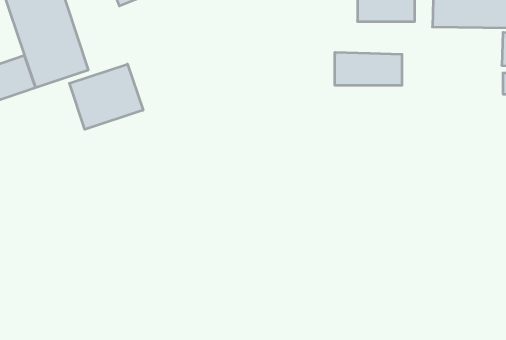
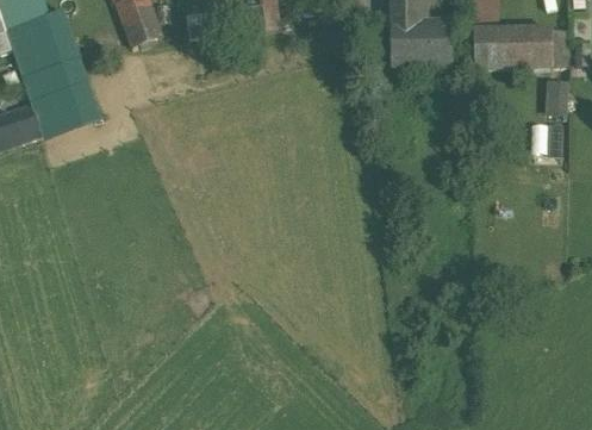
building: [335,52,402,85] -> none
building: [69,64,143,129] -> none

